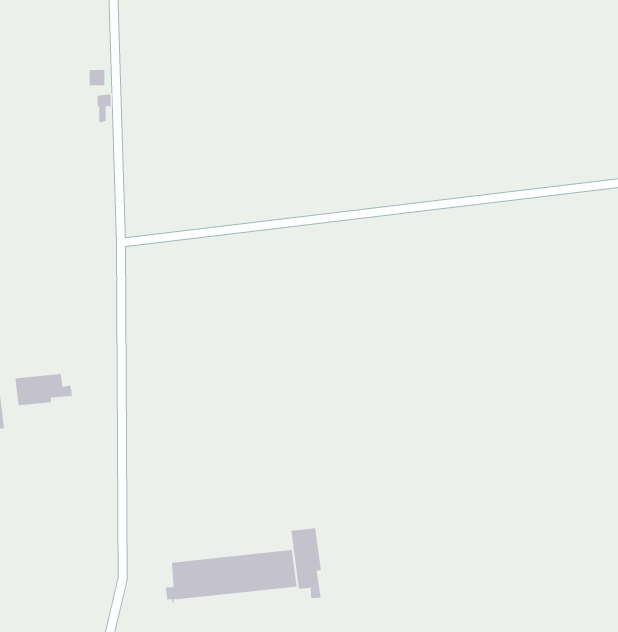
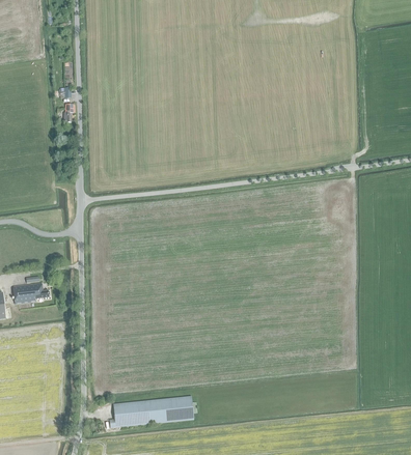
building: [291,527,321,599] -> none

